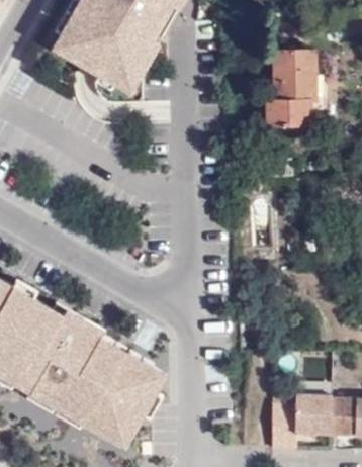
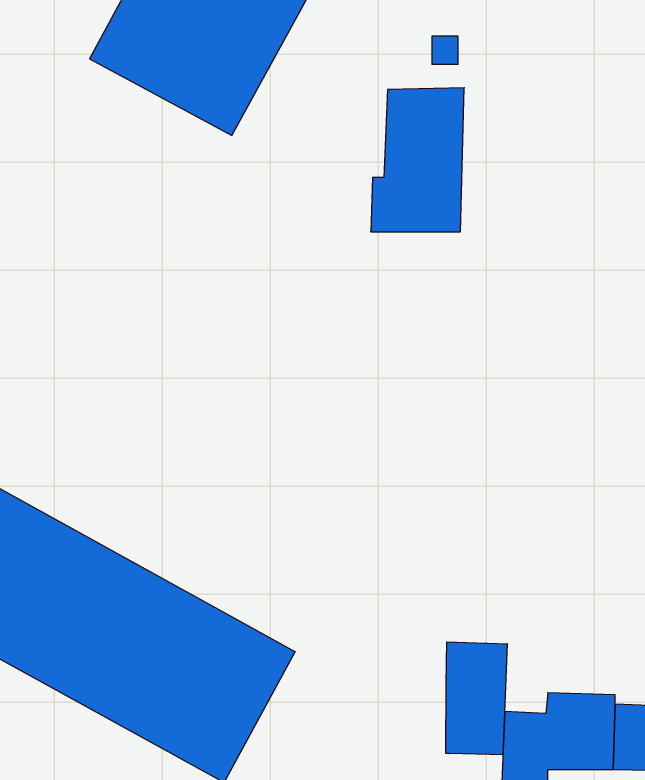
building: [262,48,312,125] -> [371,88,464,232]
building: none -> [446,642,507,755]

